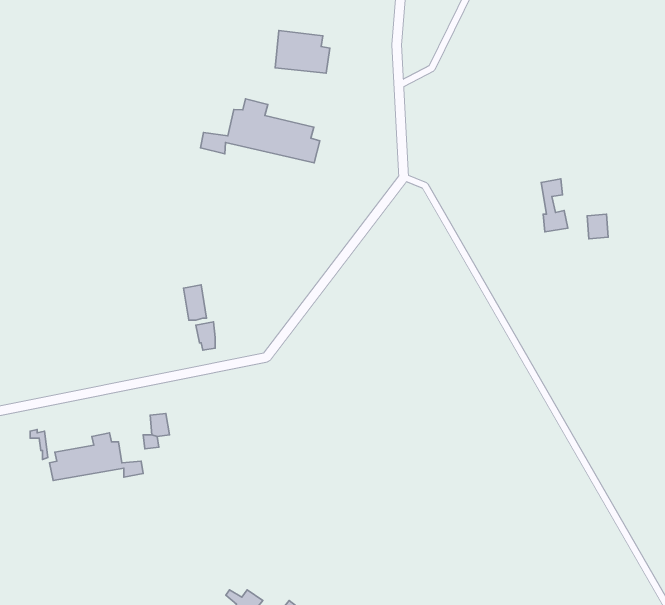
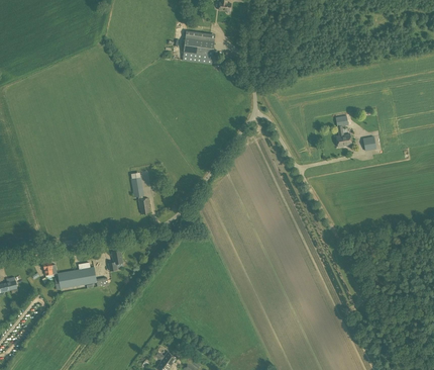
building: [200,99,320,163] -> none

